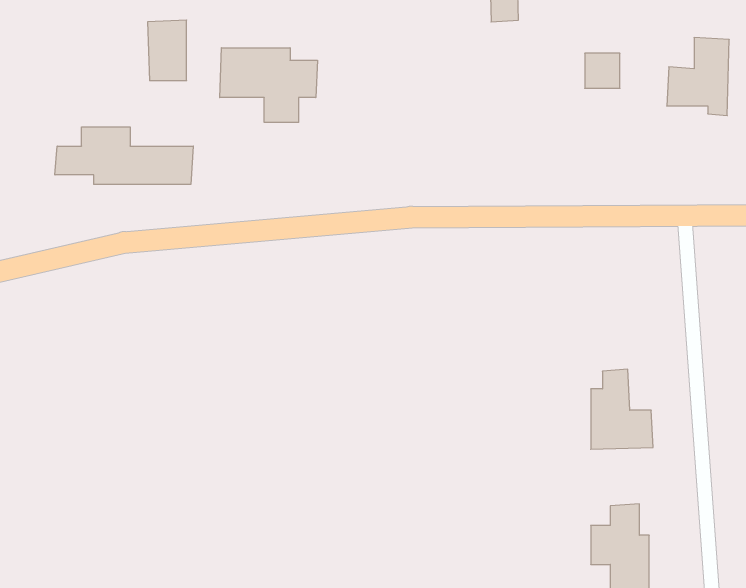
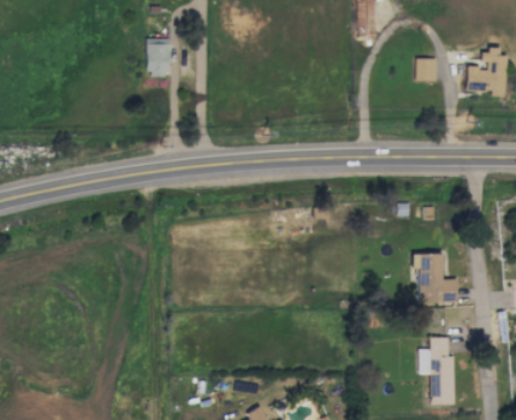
building: [220,48,317,122] -> none
building: [55,127,193,184] -> none

